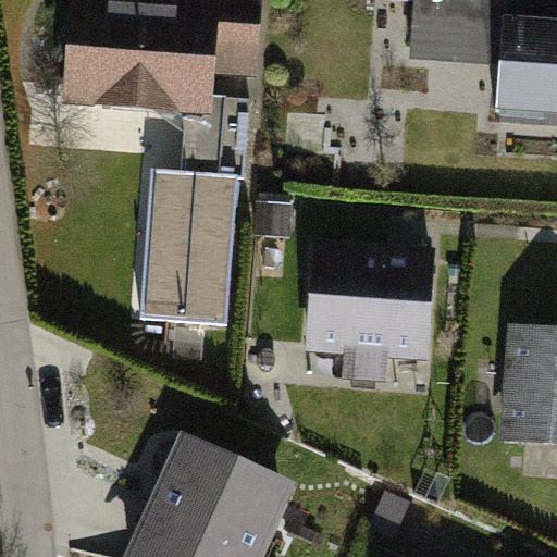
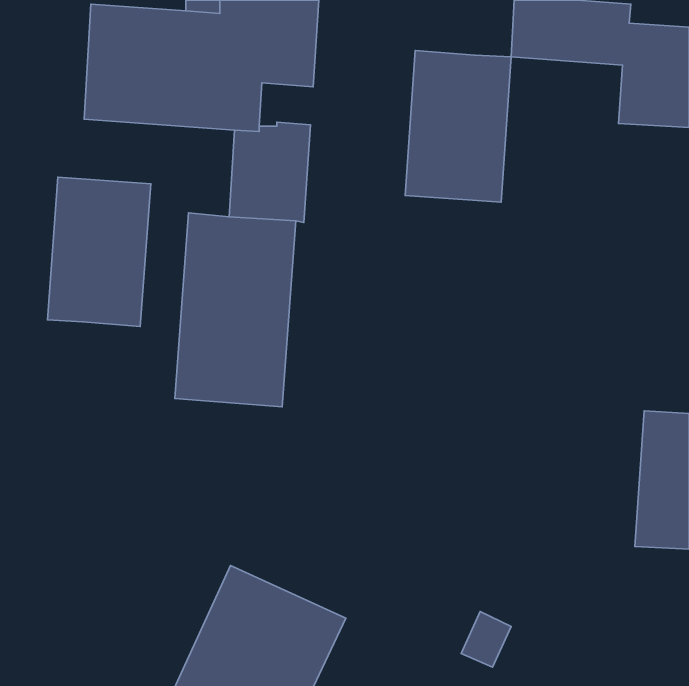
building: none -> [405,51,511,202]
building: none -> [47,177,151,326]
building: [309,256,430,357] -> none

